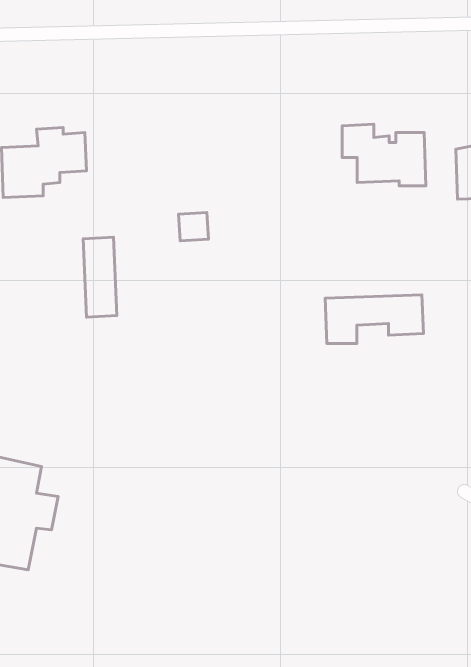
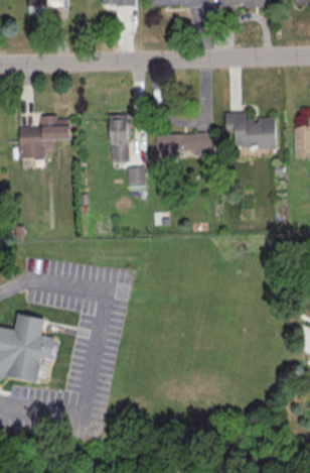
building: [83,237,117,317] -> [109,115,129,163]
building: [325,295,424,343] -> [155,133,214,162]

